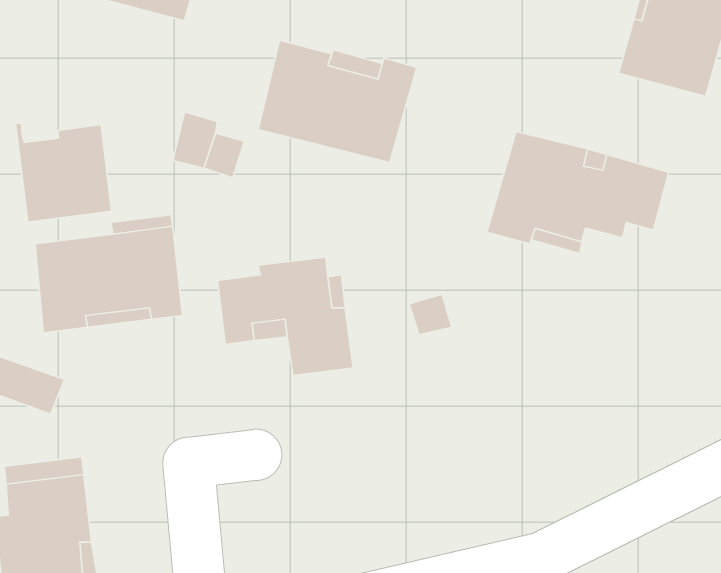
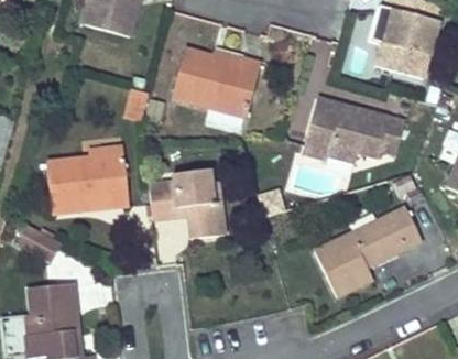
building: [15,123,111,222] -> none
building: none -> [314,205,421,296]

